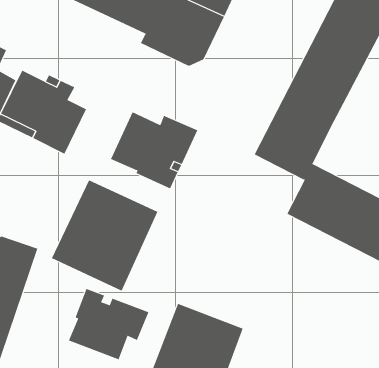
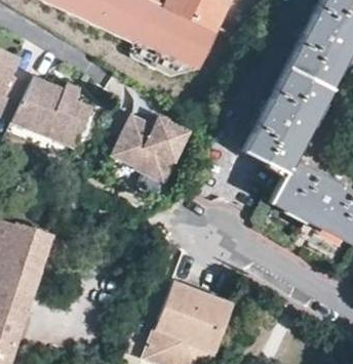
building: [51,179,158,291] -> none
building: [68,288,149,360] -> none

